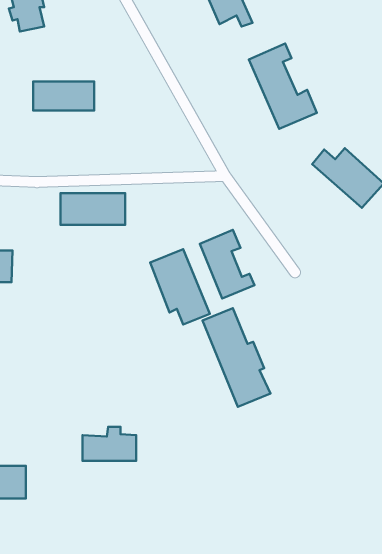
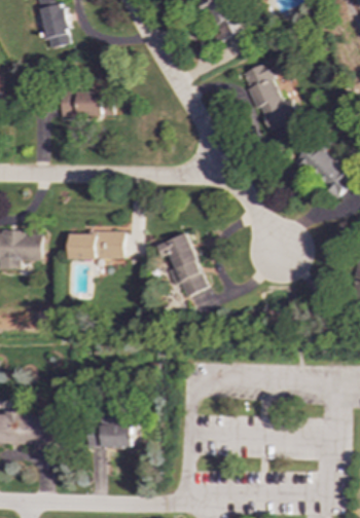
building: [61,193,125,225] -> [69,231,123,258]
building: [200,230,254,298] -> none
building: [203,308,270,407] -> none
building: [83,427,136,461] -> [87,417,133,446]

